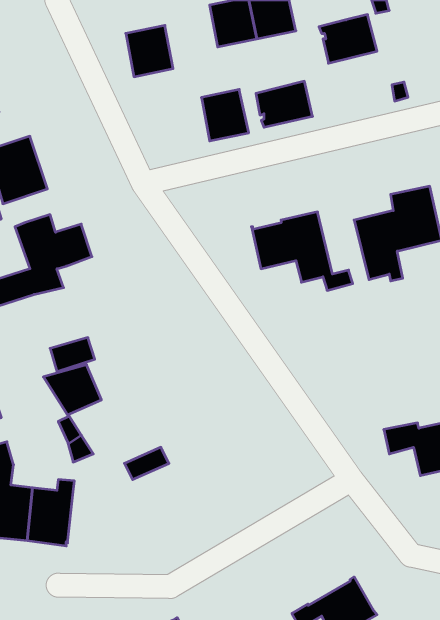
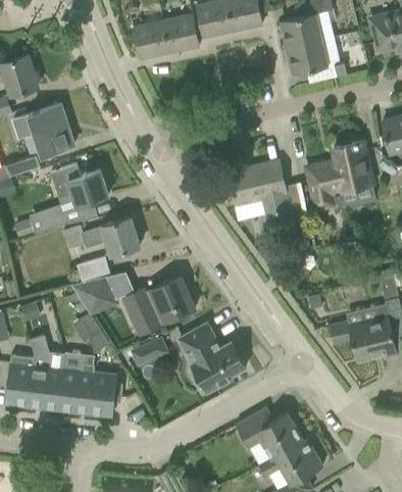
building: [256,81,313,127] -> [287,40,330,75]
building: [201,89,249,141] -> [163,14,199,53]
building: none -> [63,216,140,255]
building: none -> [121,275,195,335]
building: none -> [180,323,246,392]
building: none -> [89,373,122,415]
building: none -> [236,407,303,458]

